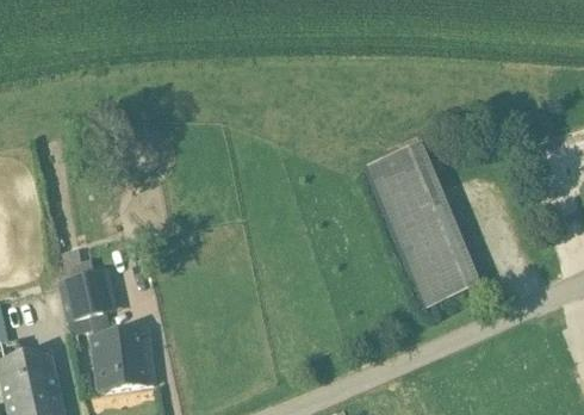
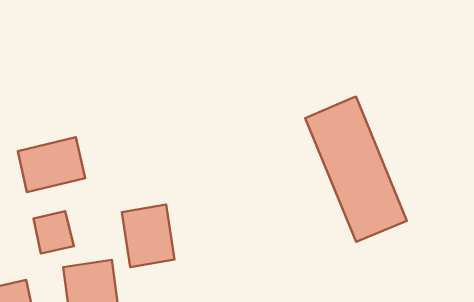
building: none -> [18,137,85,192]
building: none -> [122,205,174,267]

